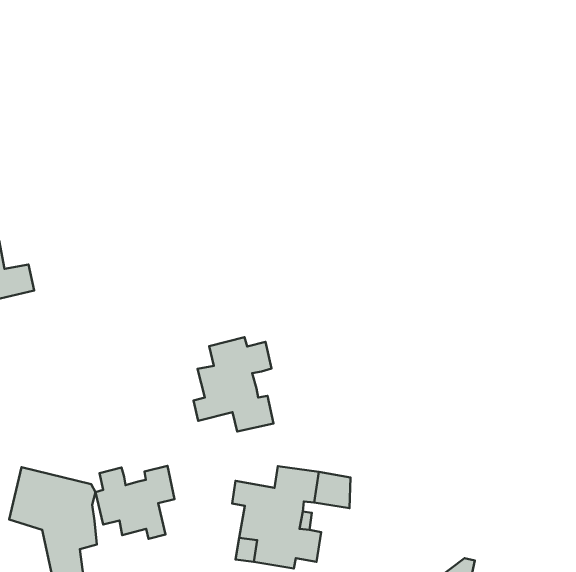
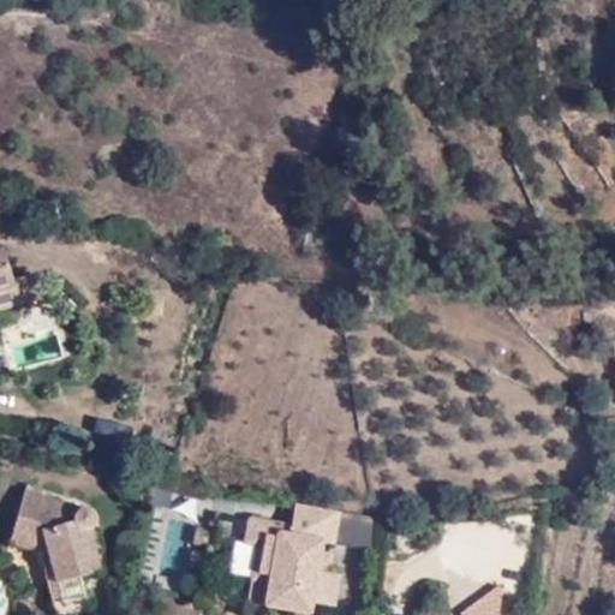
building: [194,337,274,432] -> none
building: [96,466,174,539] -> none

